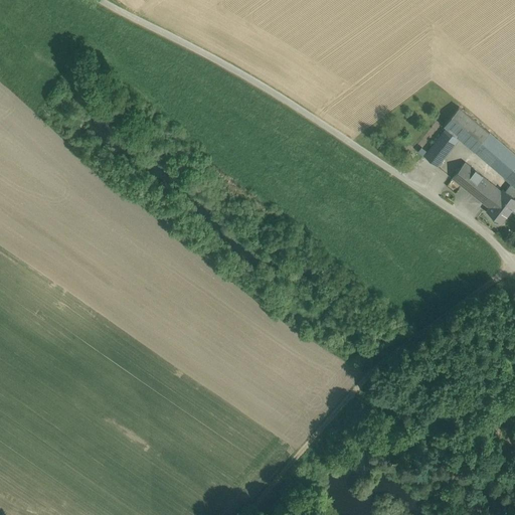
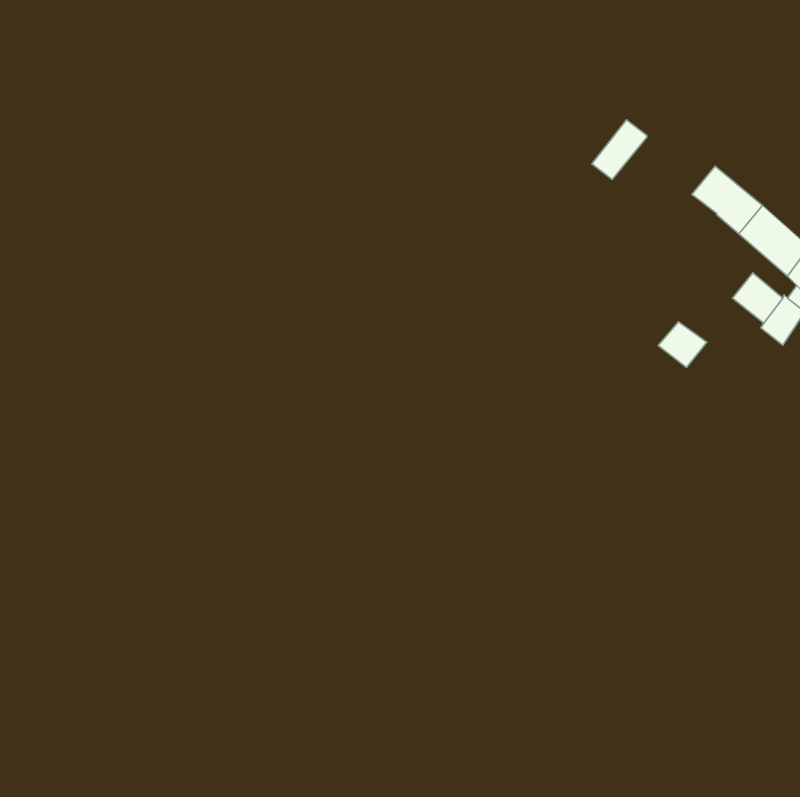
building: [425,130,461,168] -> [592,120,647,180]
building: [453,165,484,194] -> [658,322,707,367]

